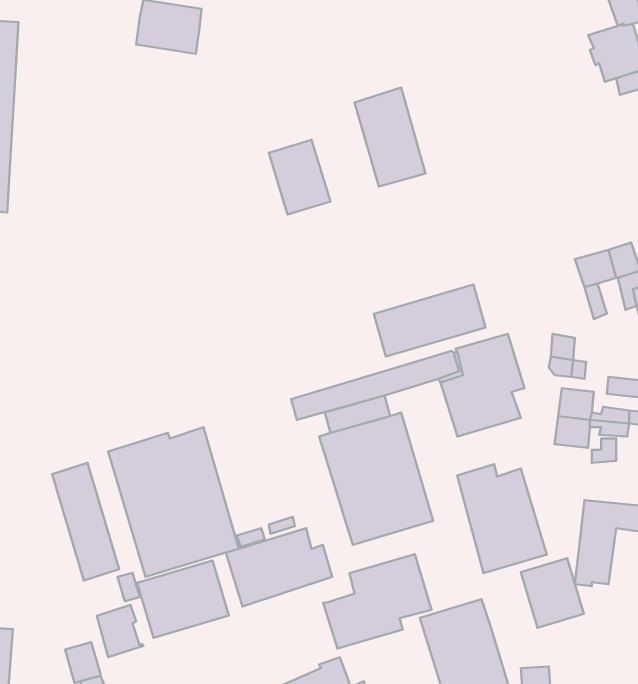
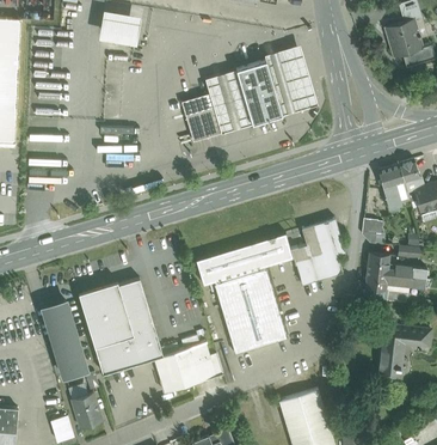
building: none -> [264,45,318,116]
building: none -> [205,71,252,134]
building: [374,285,485,357] -> none
building: [457,464,547,573] -> none
building: [323,554,432,649] -> none
building: [521,558,584,628] -> none
building: [137,560,229,638] -> none

